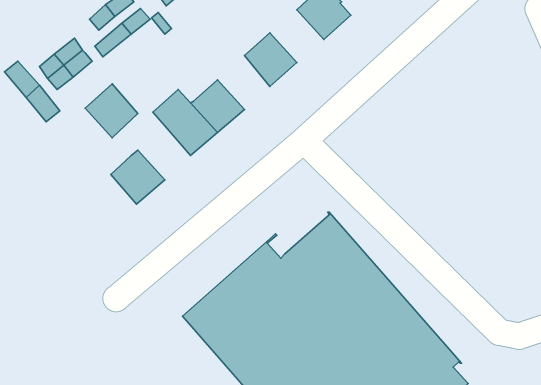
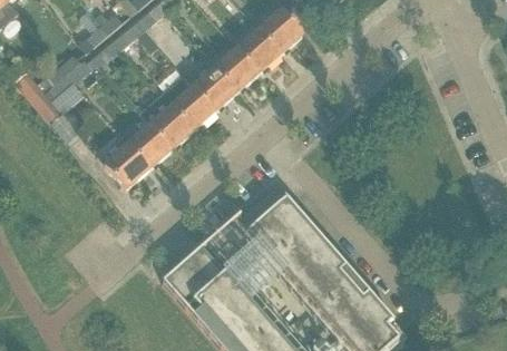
building: none -> [236,28,281,71]
building: none -> [193,66,236,110]
building: [85,84,138,138] -> [127,124,170,168]

